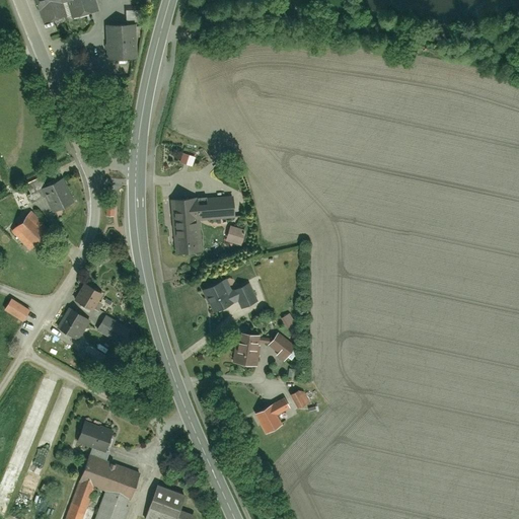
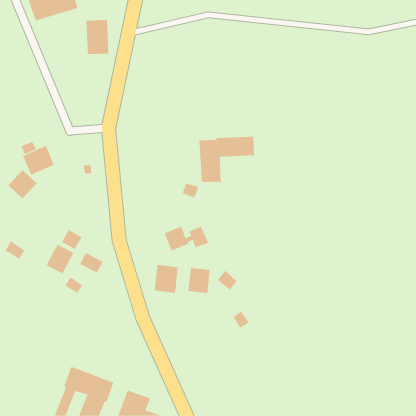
building: [167,196,237,253] -> [199,136,255,183]
building: none -> [154,264,178,294]
building: [253,398,288,434] -> none
building: [78,418,118,453] -> none

